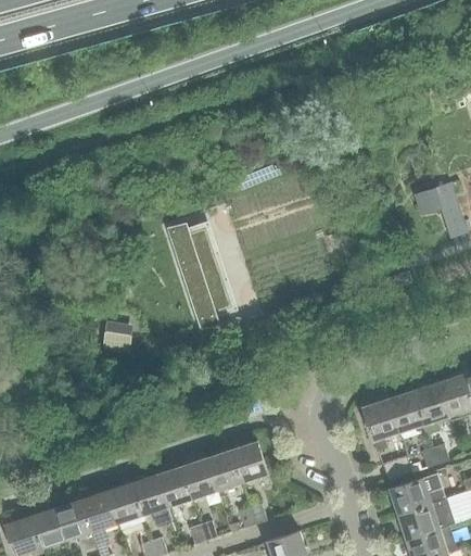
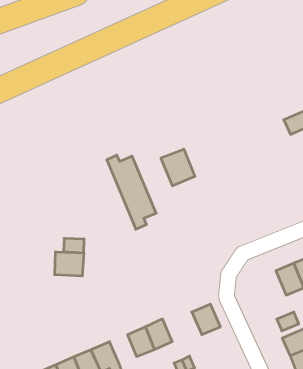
building: none -> [161,149,195,186]
building: none -> [55,252,84,276]
building: [361,399,398,452] -> none
building: [229,442,266,482] -> [192,304,220,335]
building: [155,468,190,507] -> none

